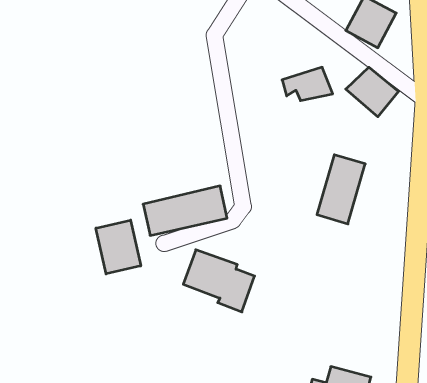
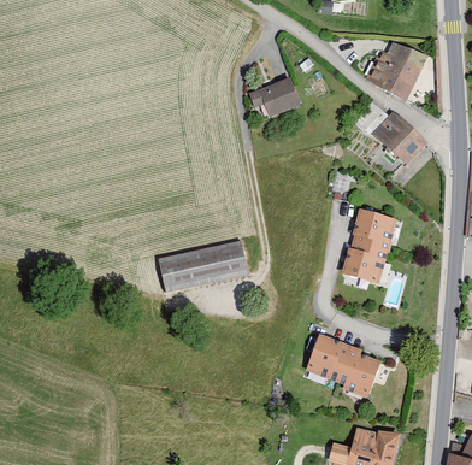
building: [282,67,333,101] -> [249,82,302,117]
building: [96,220,141,274] -> none
building: [183,250,255,312] -> [305,331,379,396]

